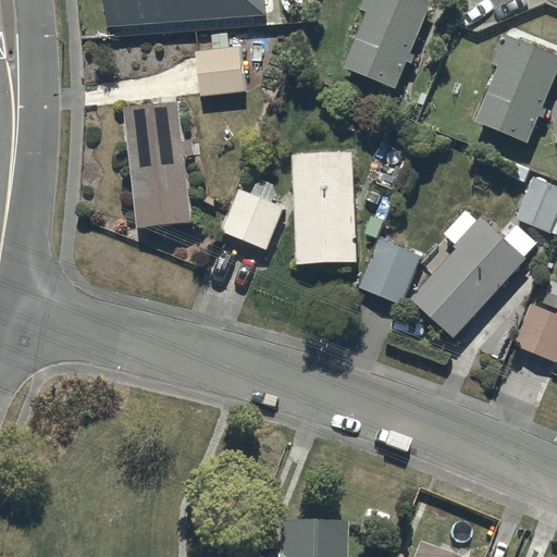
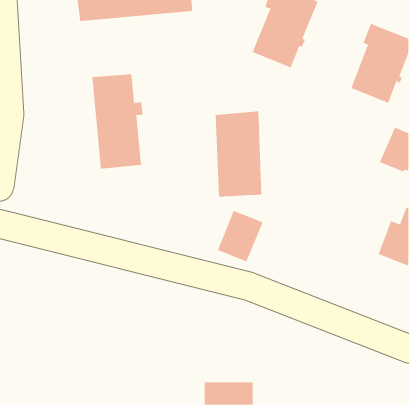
building: [196,25,245,96] -> none
building: [222,186,284,250] -> none
building: [410,206,539,341] -> none
building: [359,234,422,305] -> [217,210,264,262]

